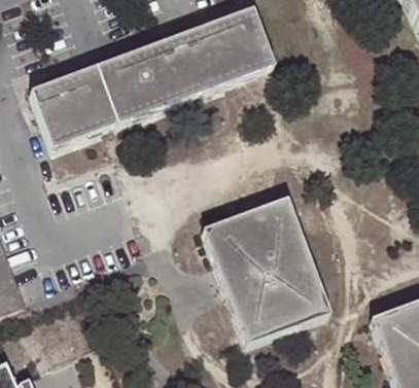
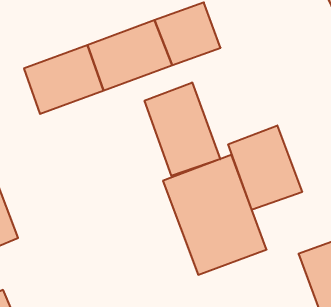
building: none -> [145,82,220,176]
building: none -> [228,125,302,210]

